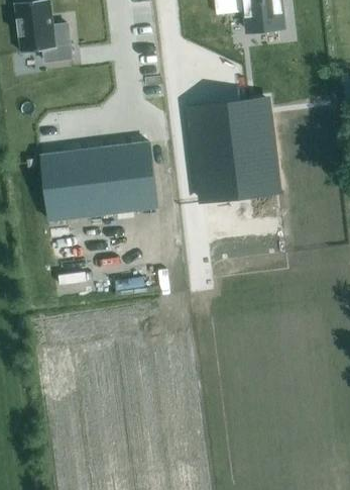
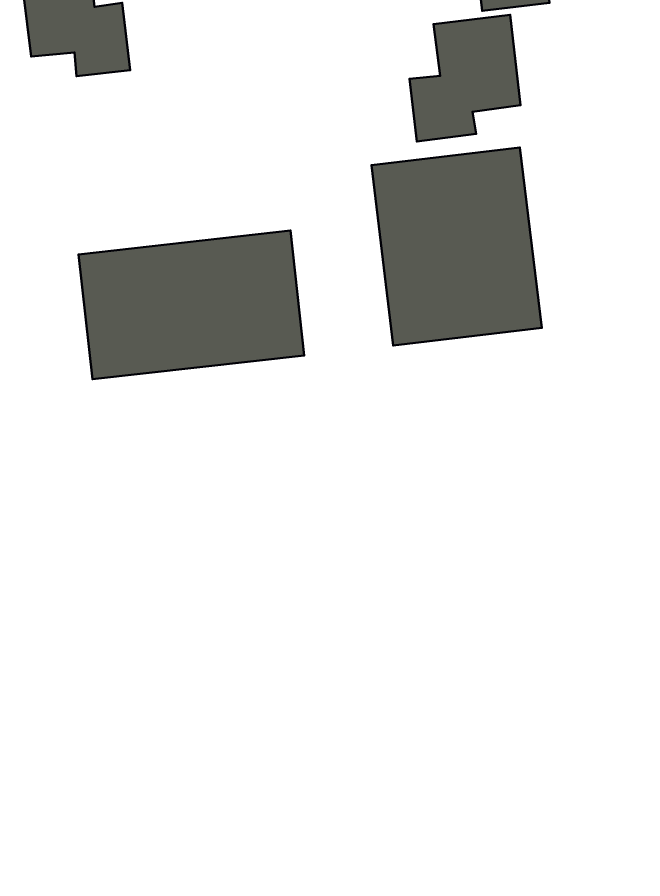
building: none -> [409,15,521,141]

